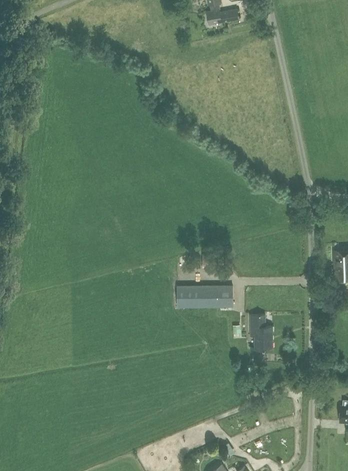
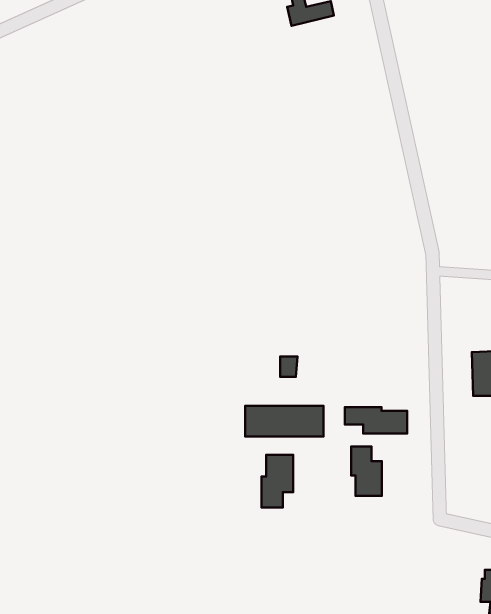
building: none -> [345,407,407,433]
building: none -> [262,455,293,508]

